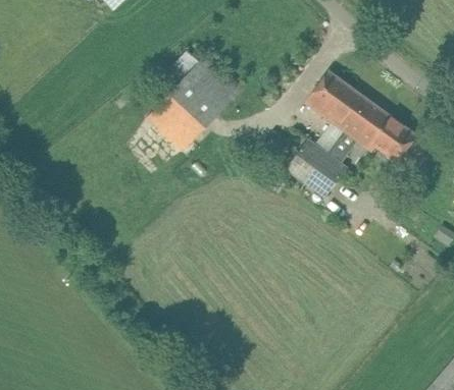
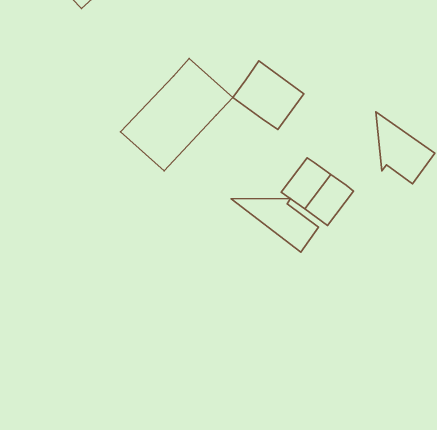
building: [304,70,365,129] -> [233,61,304,129]
building: none -> [231,199,319,252]

